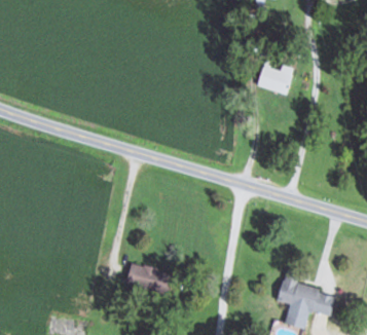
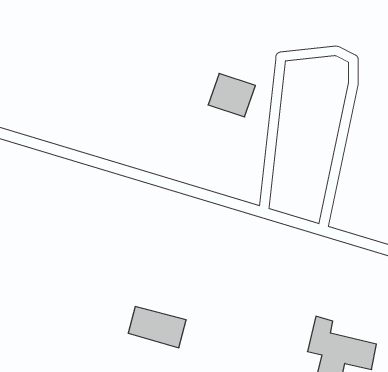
building: [257,58,297,95] -> [208,73,255,117]

